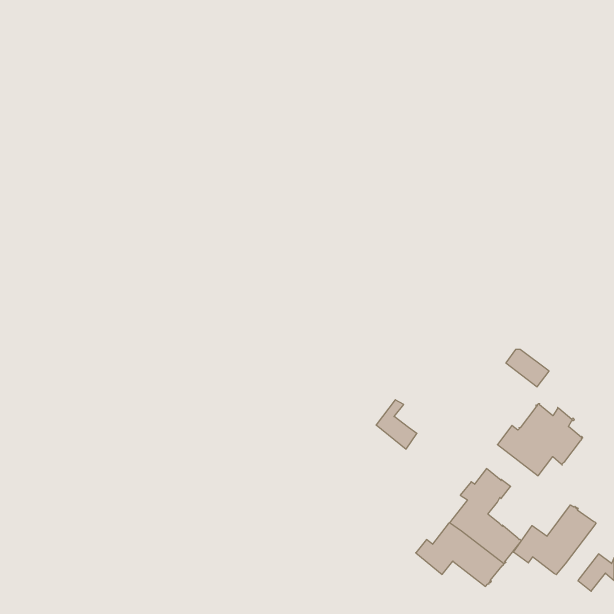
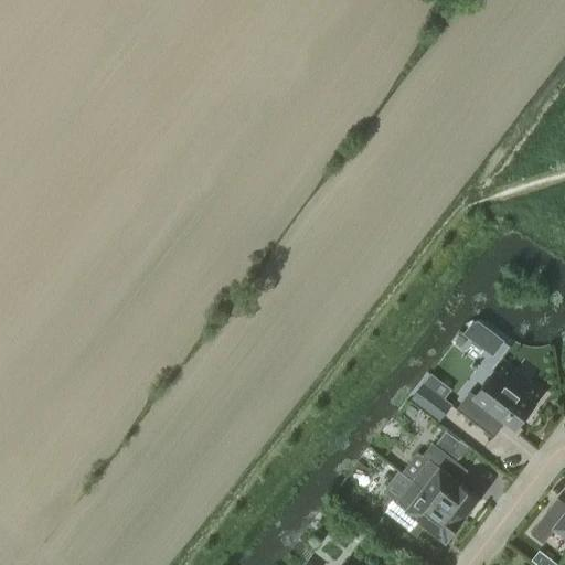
building: [376,400,417,449] -> [414,373,451,418]
building: [513,505,596,575] -> none

